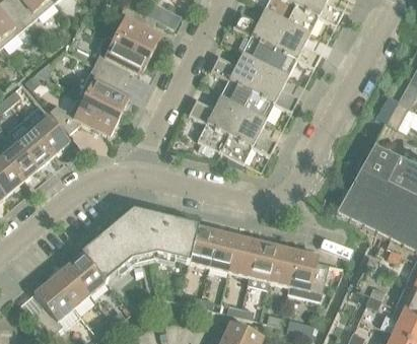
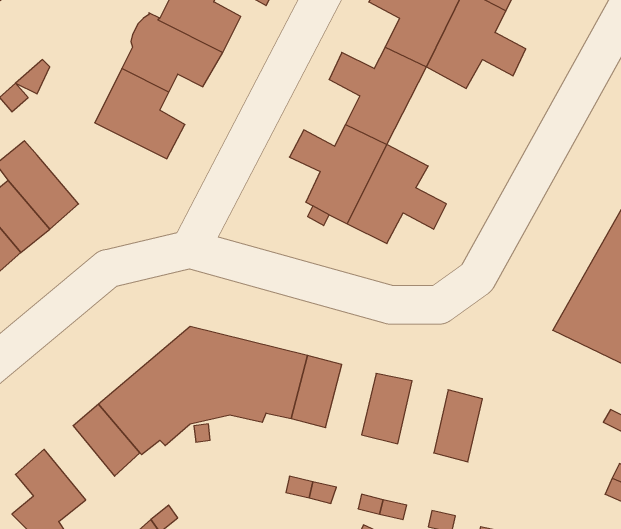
building: [244,63,299,119] -> none
building: [50,94,120,135] -> none
building: [209,230,237,270] -> none
building: [248,239,278,288] -> none
building: [287,250,330,299] -> none
building: [51,265,90,306] -> none

